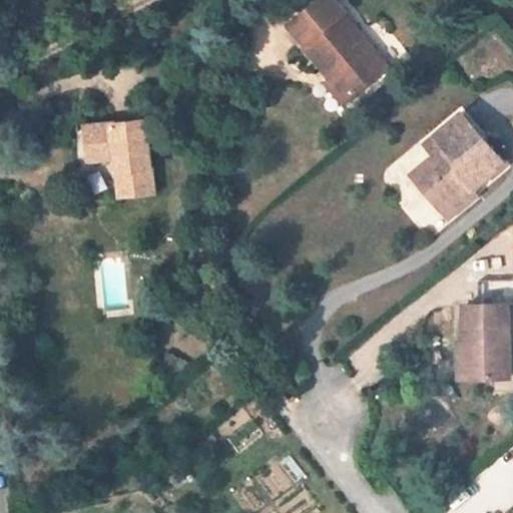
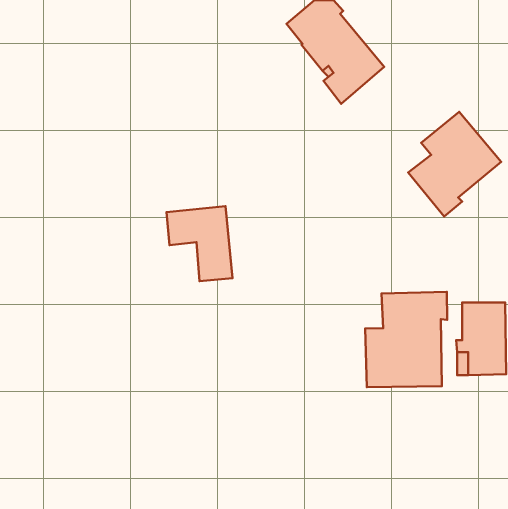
building: [85,121,151,196] -> [167,206,232,281]
building: none -> [365,292,447,387]

